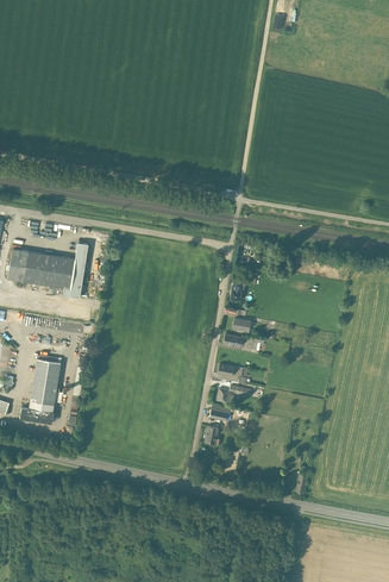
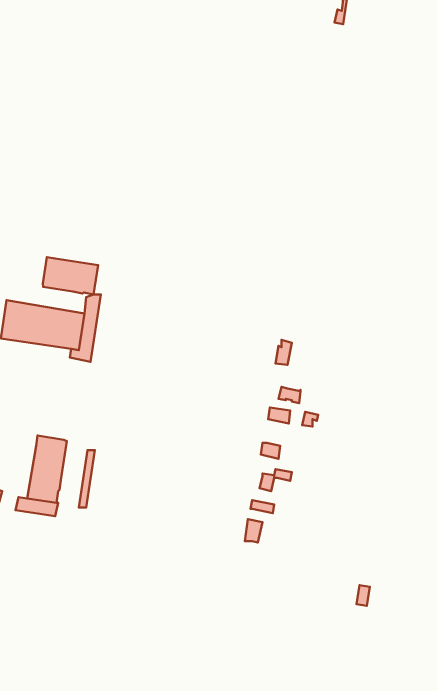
building: none -> [43,257,98,294]

